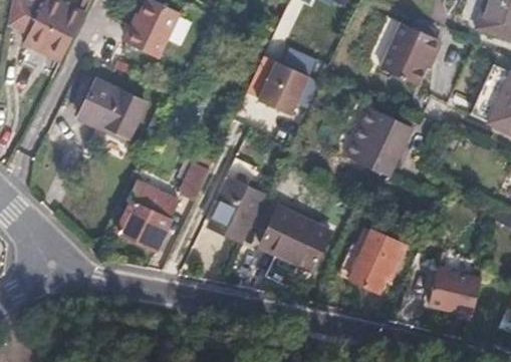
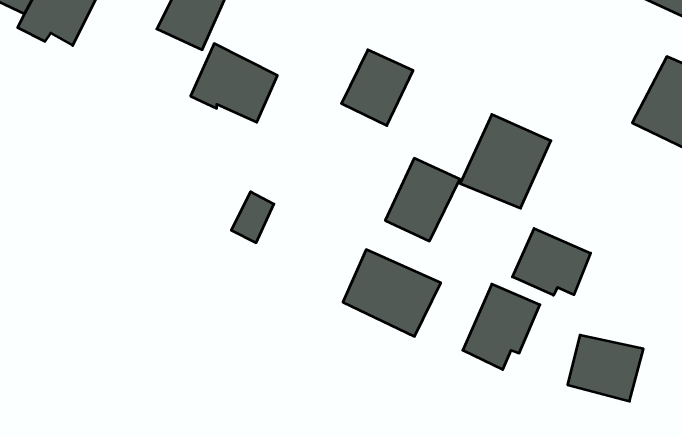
building: [371,30,430,94] -> none
building: [80,79,144,136] -> [191,44,277,122]
building: [208,178,262,239] -> [385,158,460,241]
building: [119,179,180,249] -> none
building: none -> [512,228,591,295]

